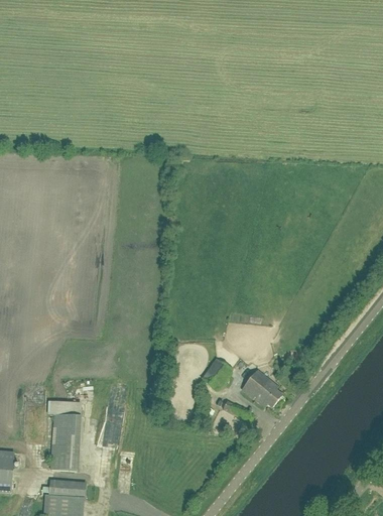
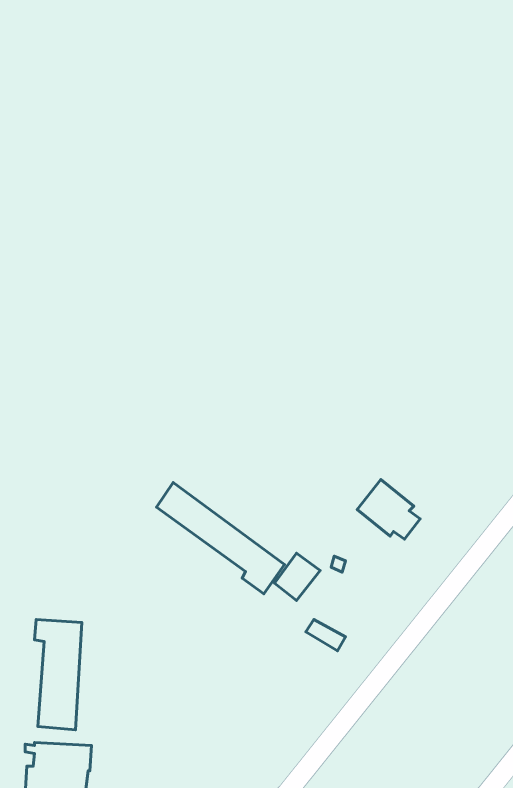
building: none -> [157,482,285,594]
building: [242,370,282,408] -> [357,479,420,539]

